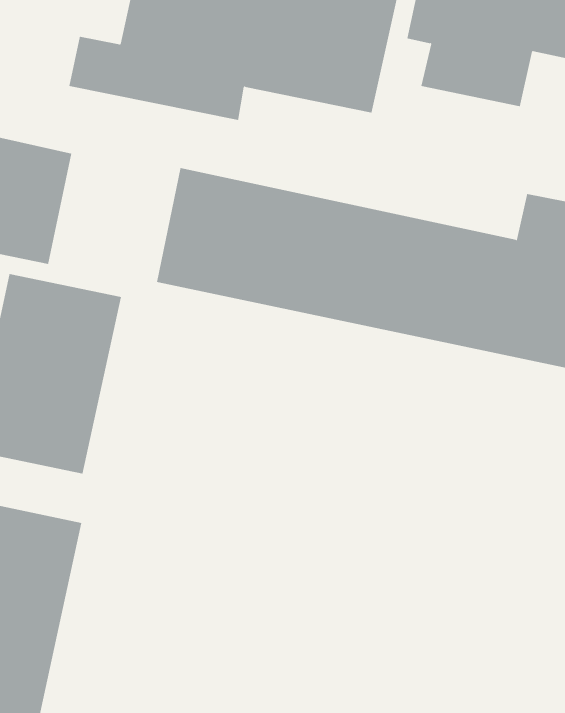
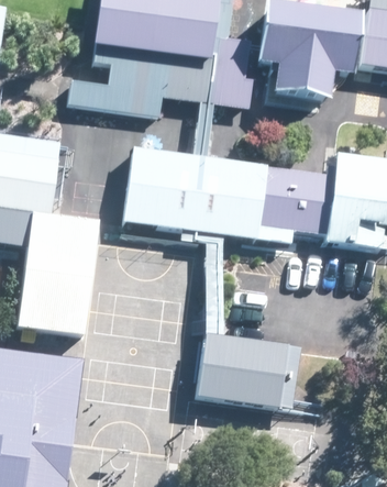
building: none -> [196,331,290,411]

